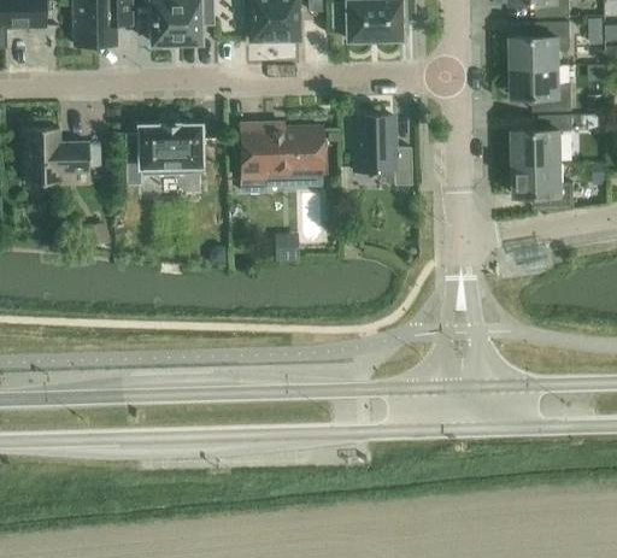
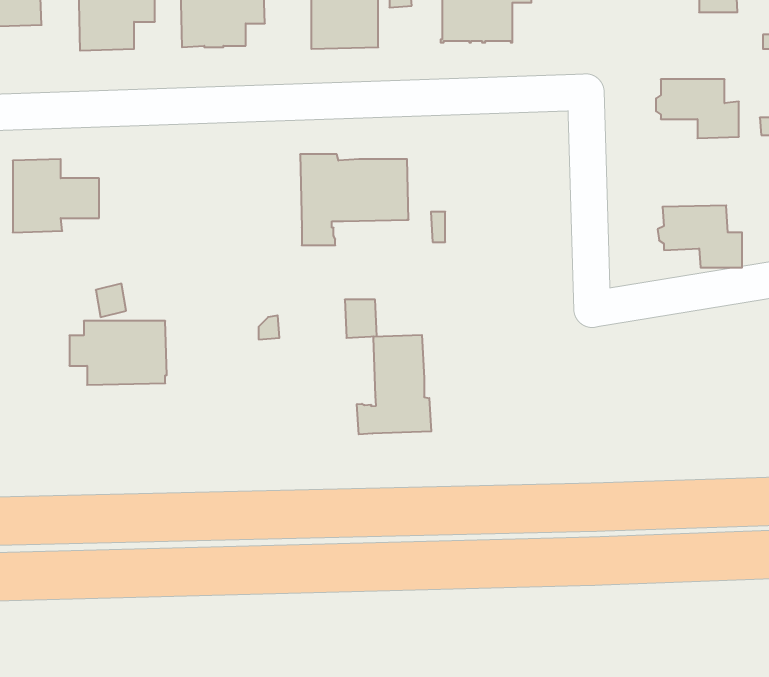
building: [507,22,570,67] -> none
building: [353,114,411,184] -> none
building: [510,114,572,164] -> none
building: [127,125,200,174] -> [69,321,167,385]
building: none -> [357,335,431,434]

